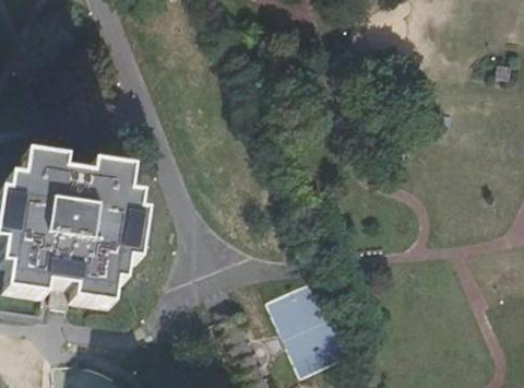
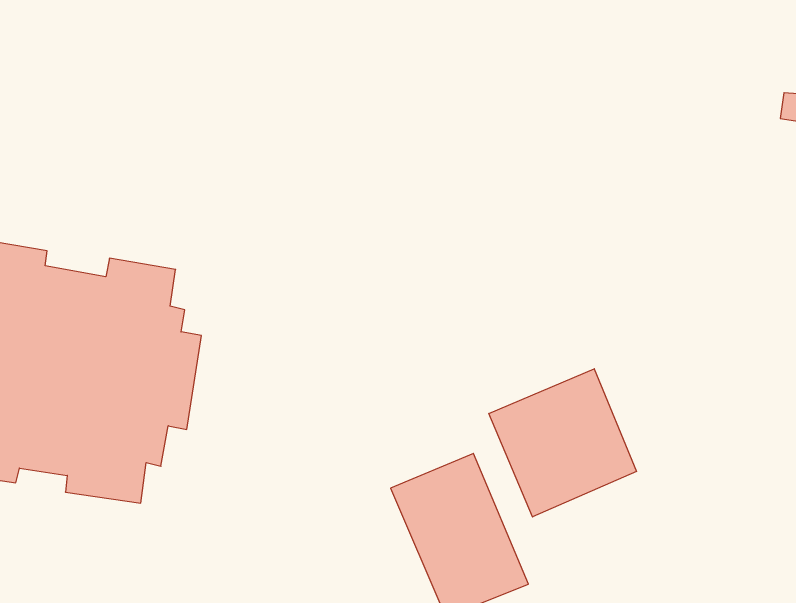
building: none -> [489,369,637,517]

